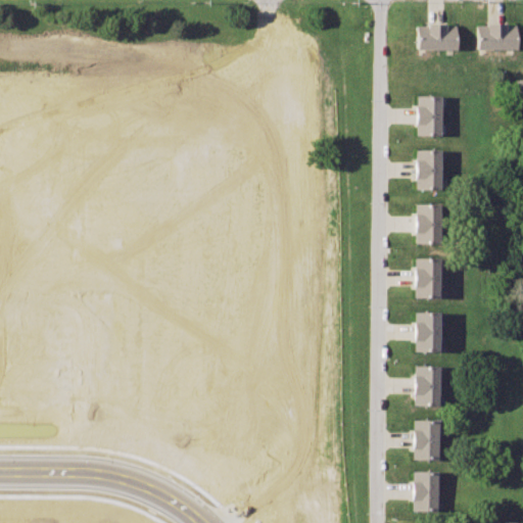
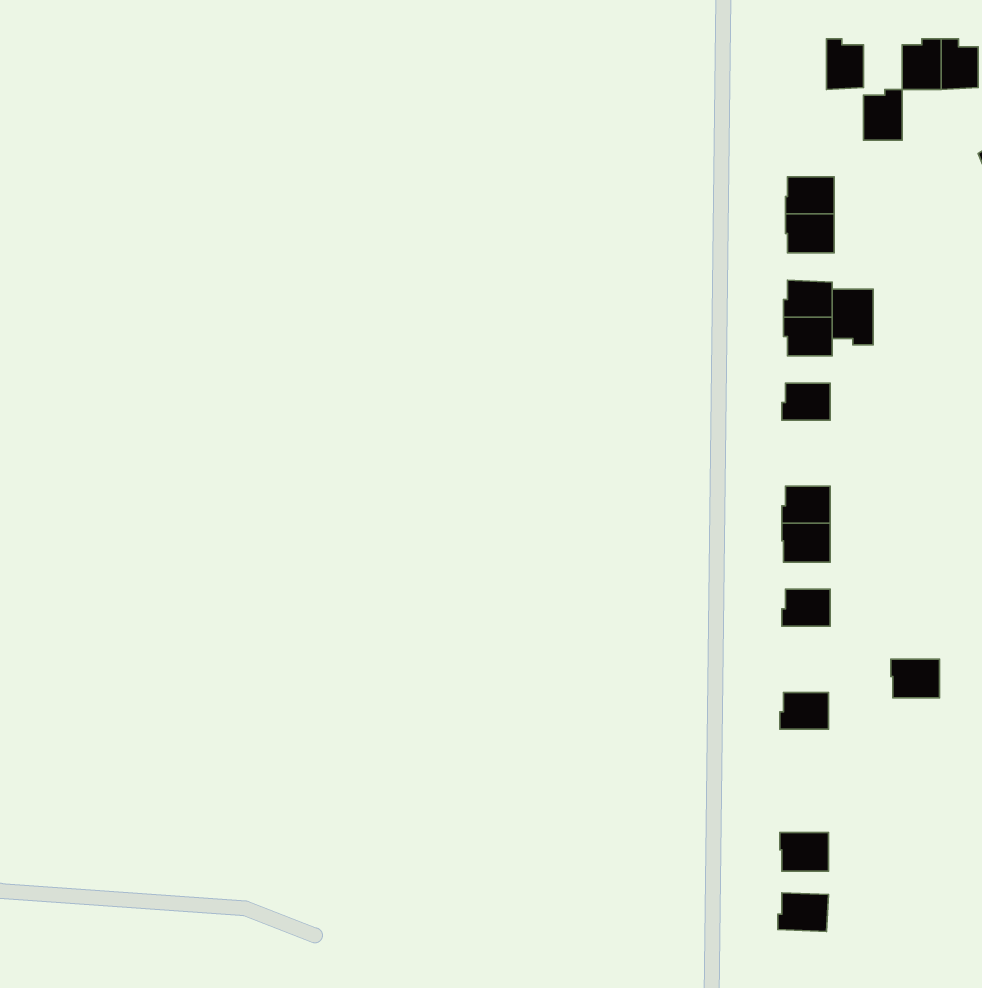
building: [420,23,440,50] -> [863,89,902,140]
building: none -> [832,289,873,345]
building: [417,224,442,244] -> none
building: [417,332,442,352] -> [891,659,939,698]
building: [416,386,441,407] -> none
building: [416,421,441,440] -> none
building: [415,491,440,513] -> none

